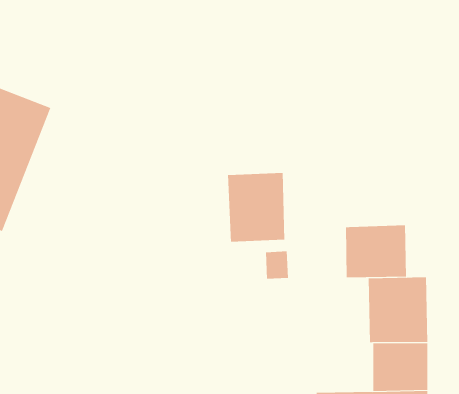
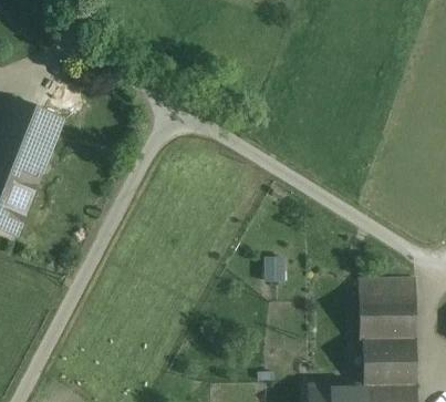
building: [227,172,285,243] -> none
building: [345,225,407,278] -> none

